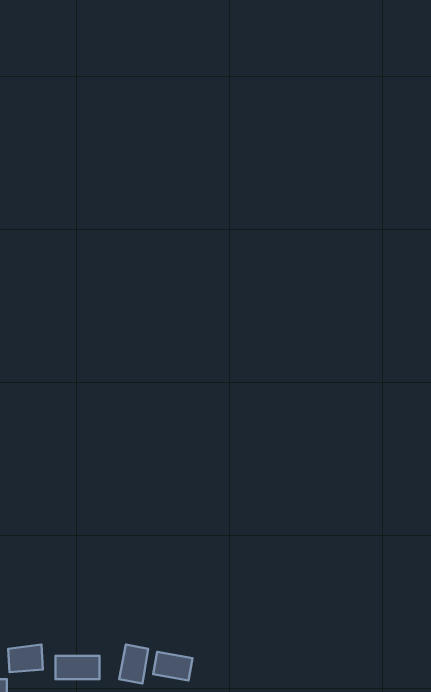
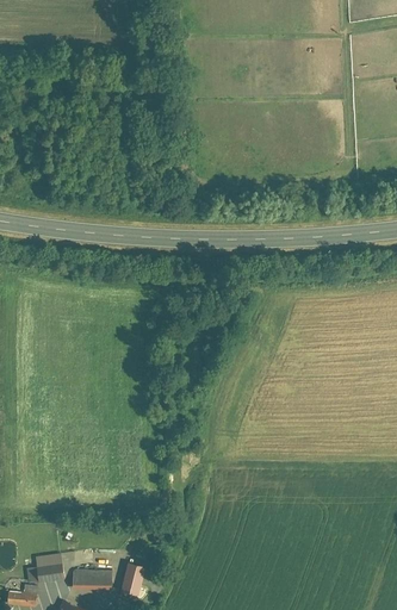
building: [153,652,192,681] -> none

